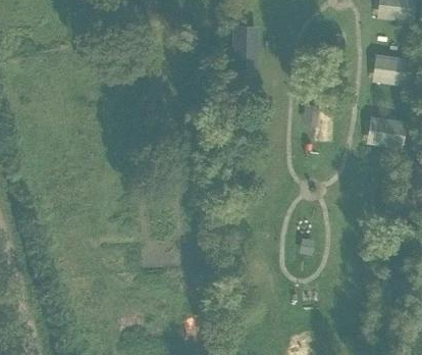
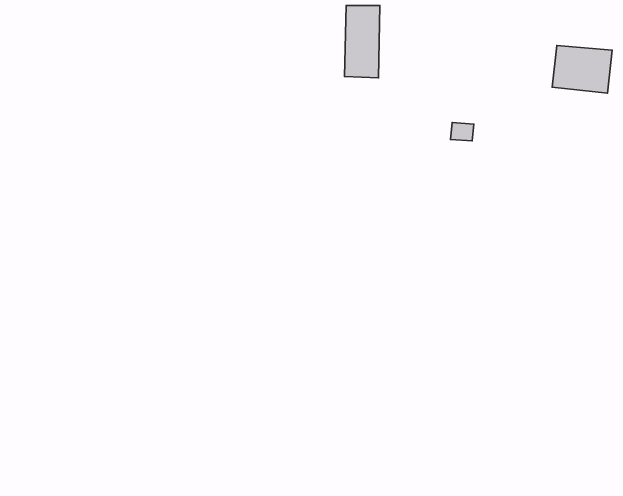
building: [367,117,405,145] -> none

